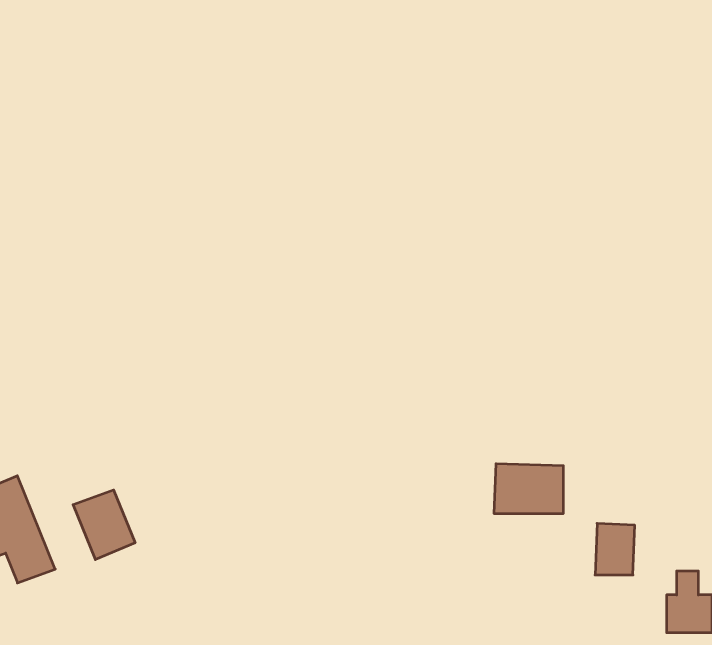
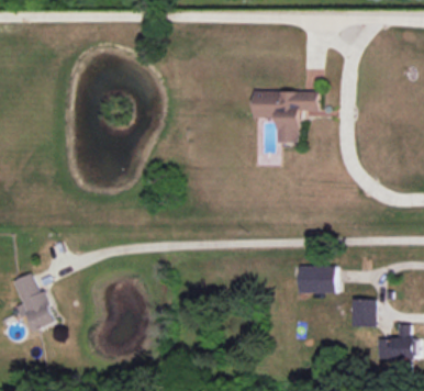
building: none -> [254,90,319,142]
building: [73,490,135,560] -> none

